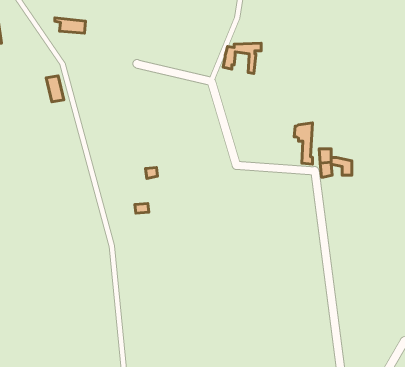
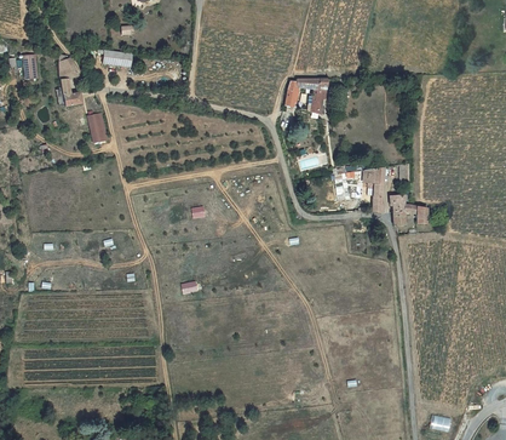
building: none -> [58,55,82,107]

